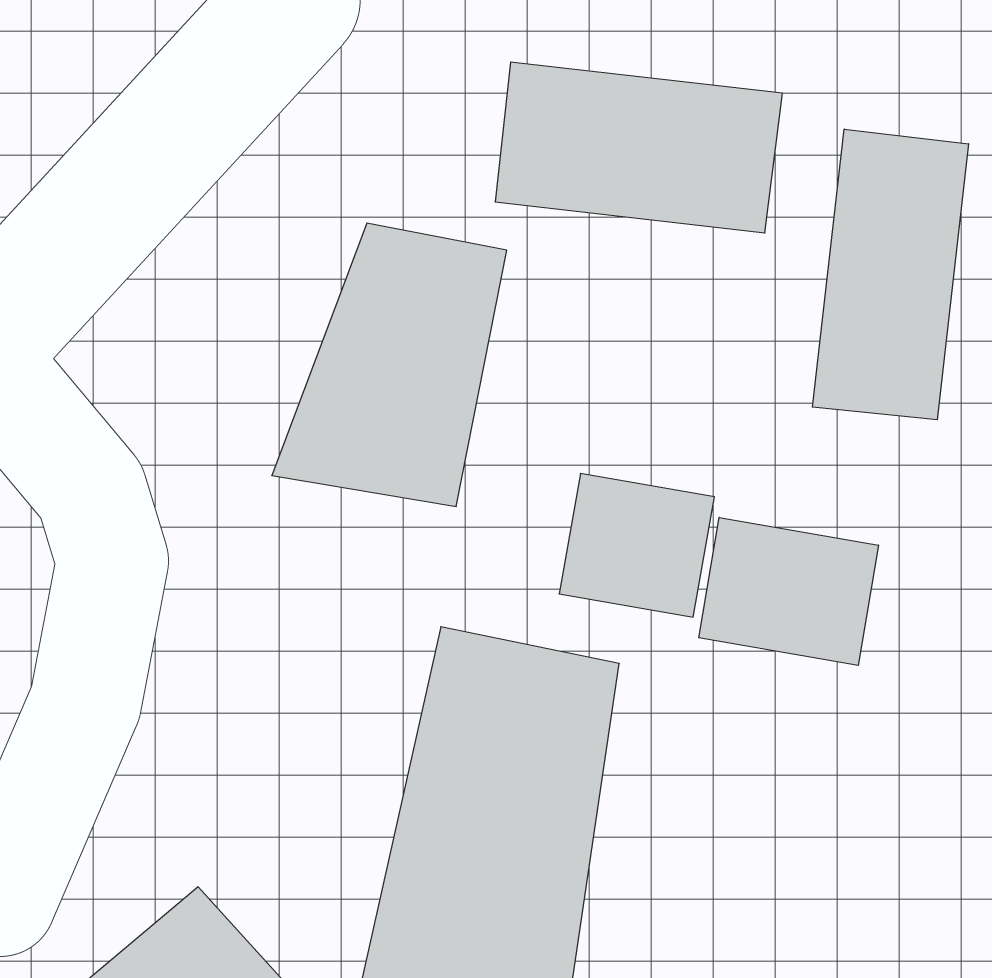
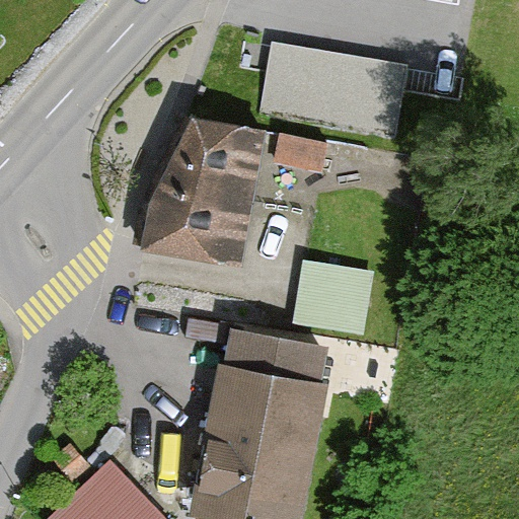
building: [812,129,969,420] -> none
building: [699,517,878,665] -> none

